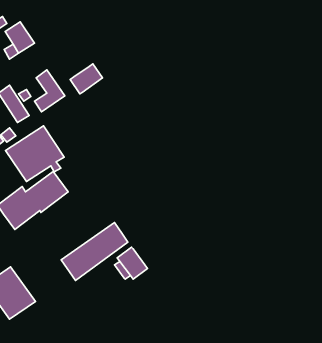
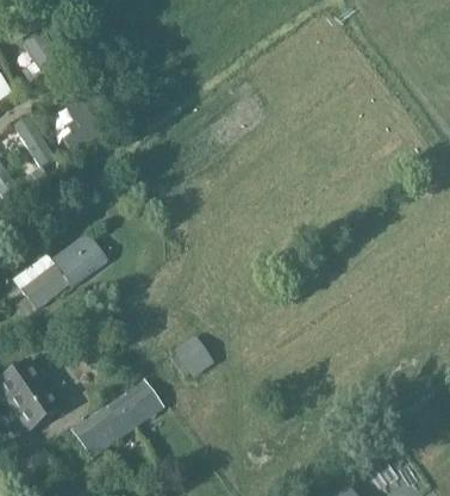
building: [70,64,103,94] -> none
building: [6,126,64,182] -> none
building: [61,223,128,280] -> [73,379,162,457]

